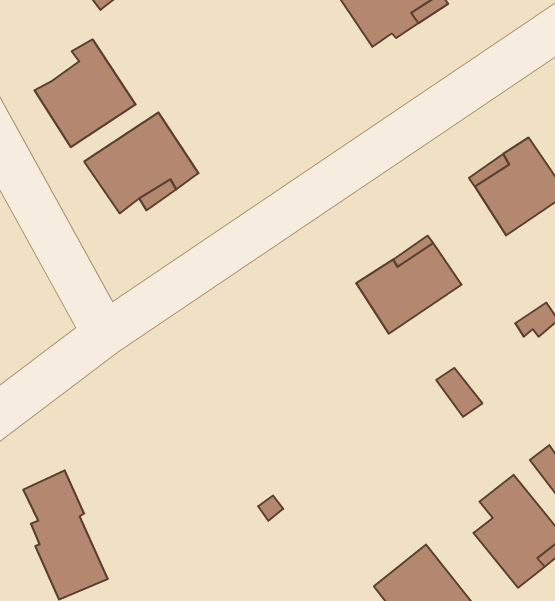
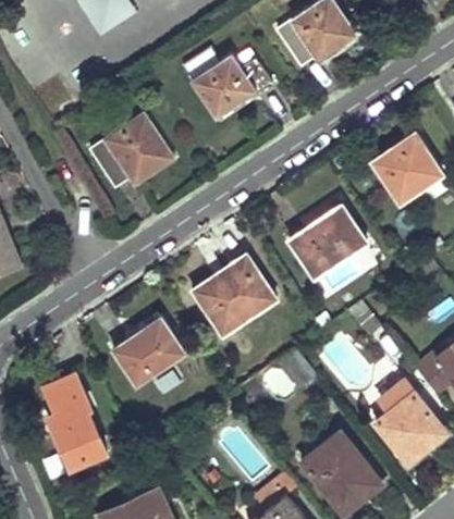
building: none -> [192,55,272,116]
building: [34,39,136,147] -> none
building: none -> [192,254,275,335]
building: none -> [112,317,184,385]

